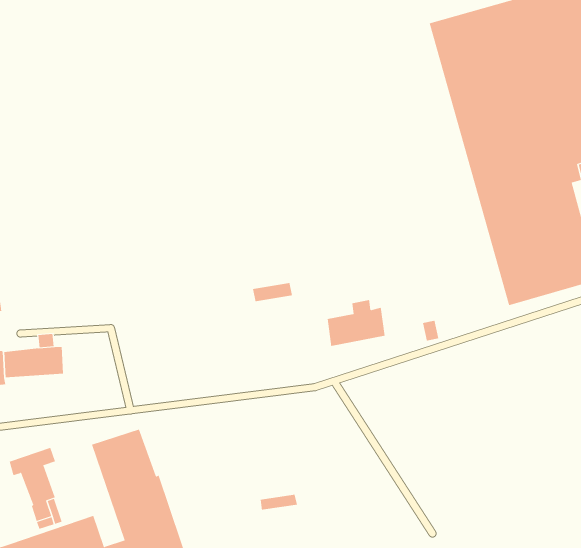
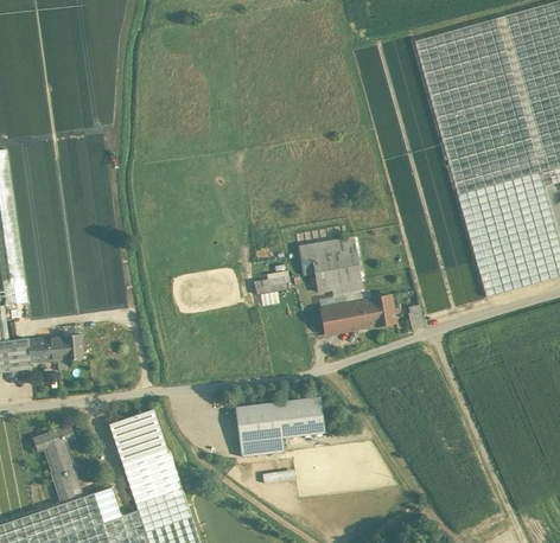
building: none -> [298,237,363,293]
building: none -> [371,295,399,326]
building: none -> [235,396,325,456]

